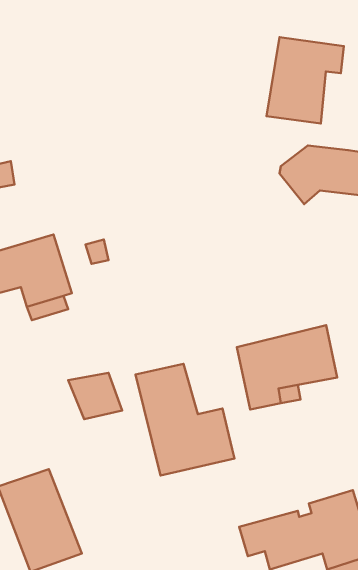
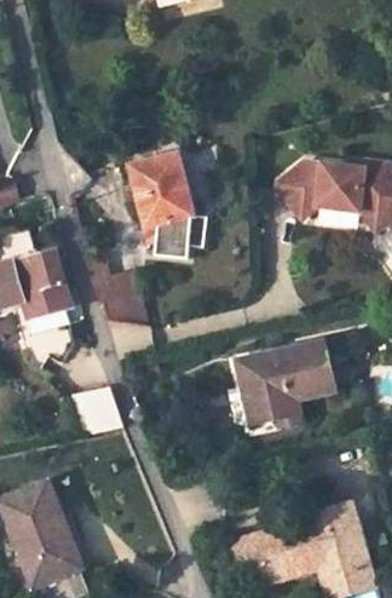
building: [266,37,344,123] -> none
building: none -> [129,154,206,257]
building: [136,364,234,475] -> none

